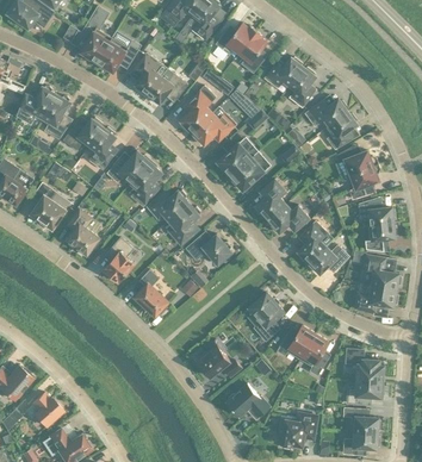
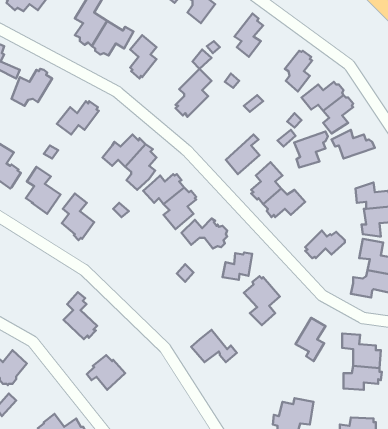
building: [217,24,257,54] -> none
building: [266,57,304,88] -> none
building: [148,74,190,105] -> none
building: [44,95,72,139] -> none
building: [193,107,237,145] -> none
building: [89,127,117,170] -> none
building: [218,143,259,176] -> none
building: [348,164,381,200] -> [294,132,328,168]
building: [299,221,329,263] -> none
building: [105,238,135,282] -> none
building: none -> [223,252,252,280]
building: [136,269,169,316] -> [64,292,97,339]
building: [278,326,316,360] -> none
building: [226,383,271,418] -> none
building: [26,393,64,427] -> [87,355,125,390]
building: [345,408,381,433] -> none

